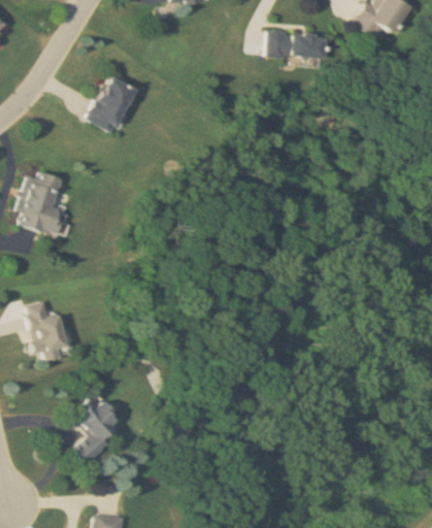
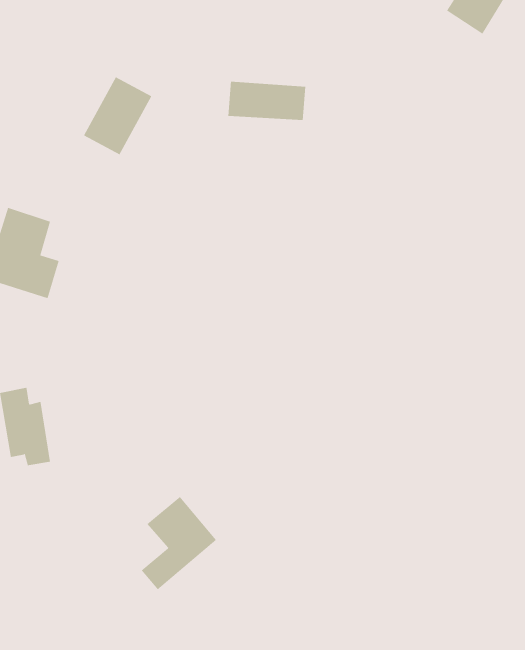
building: [272,31,330,60] -> [227,81,306,120]
building: [68,396,124,465] -> [141,496,217,590]

